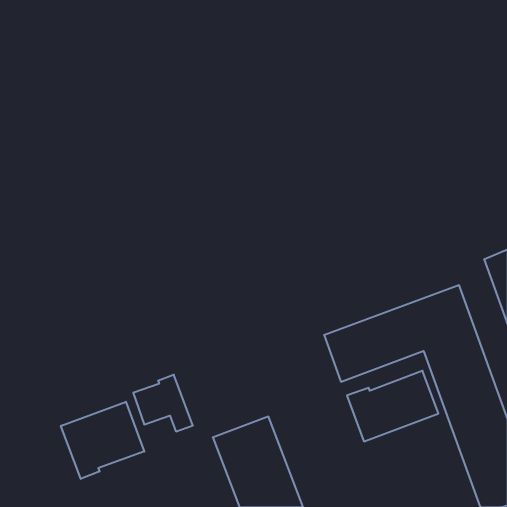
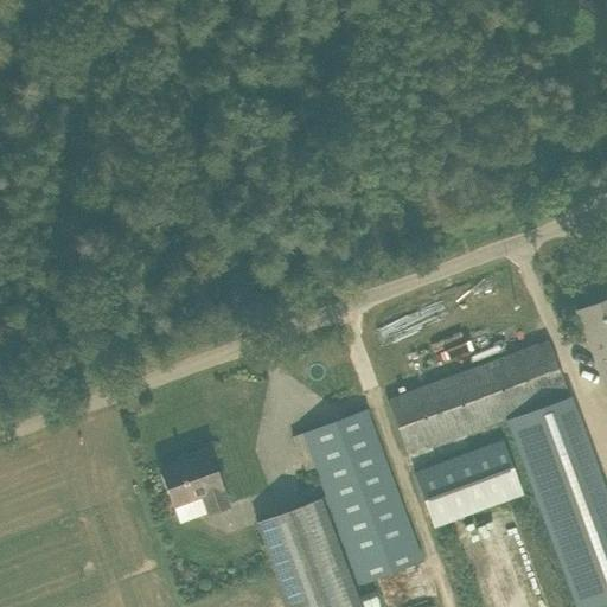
building: none -> [304,408,424,584]
building: [61,402,144,479] -> none

